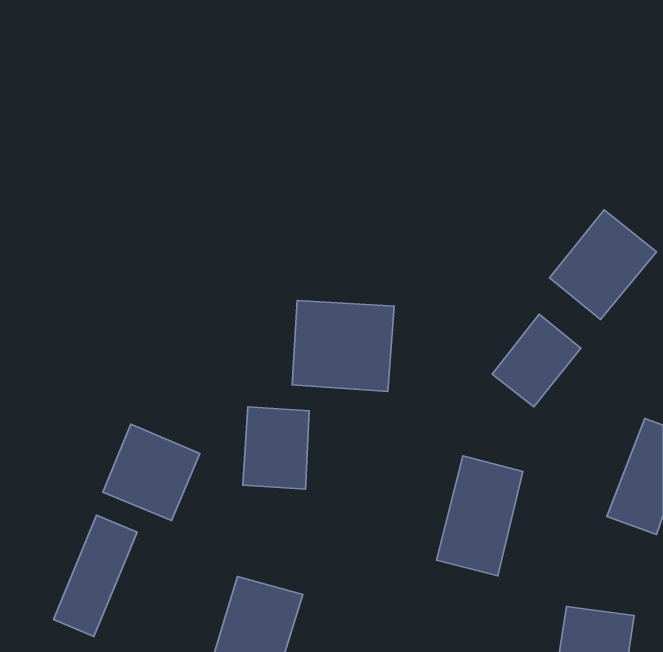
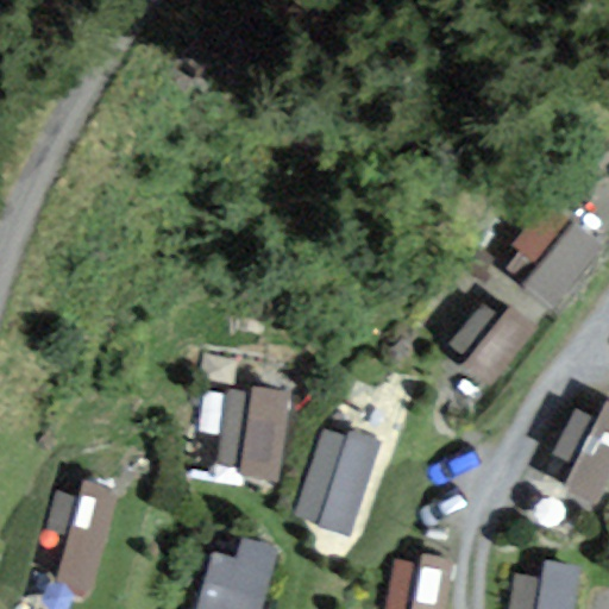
building: [292,300,394,392] -> none
building: [103,424,200,520] -> none
building: [437,456,523,576] -> [297,425,376,534]

